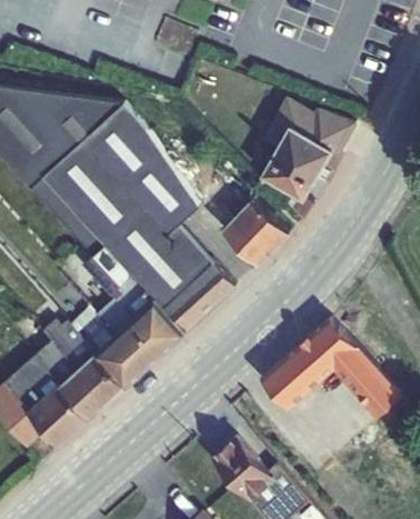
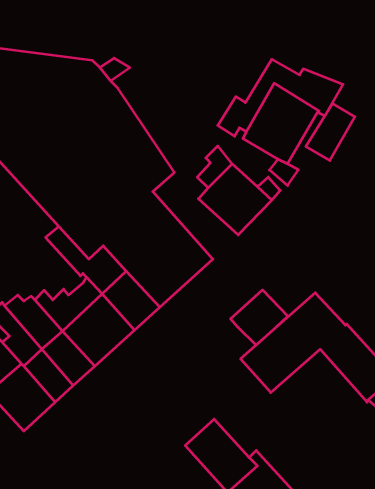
building: none -> [306,104,355,161]
building: none -> [231,290,288,345]

